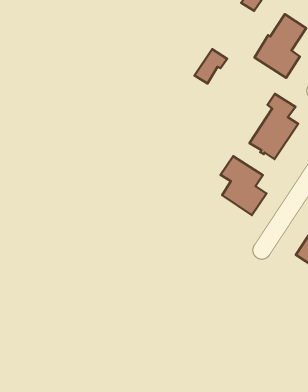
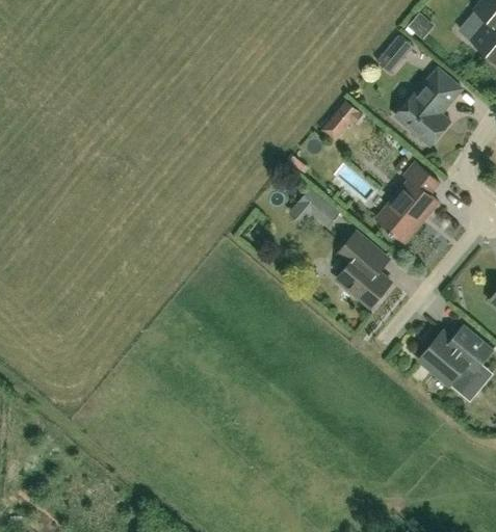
building: none -> [297,188,339,228]

